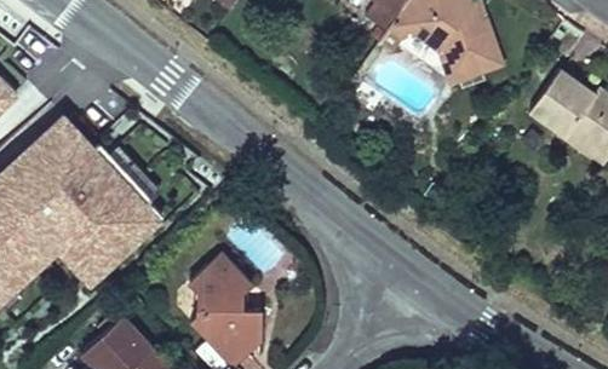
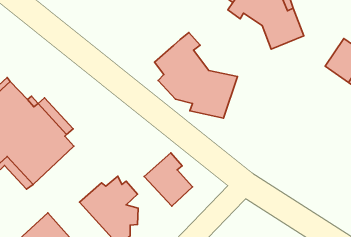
building: none -> [155,32,238,118]
building: none -> [144,153,193,206]

